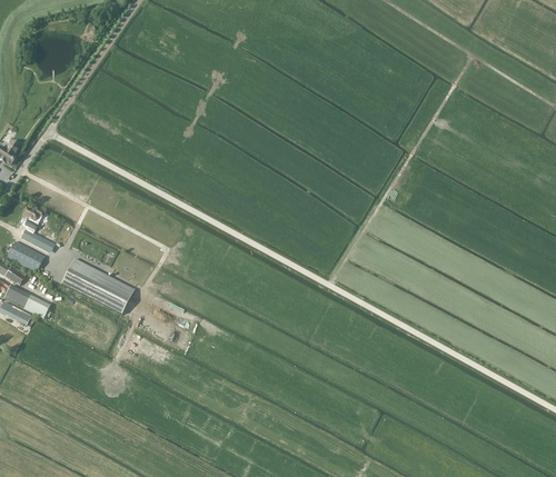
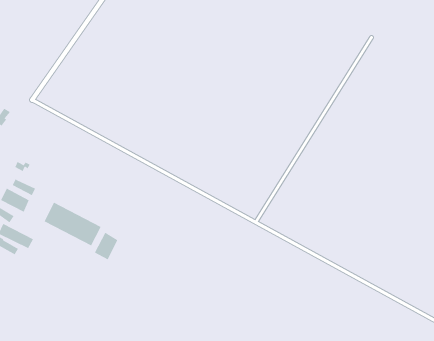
building: none -> [94,232,118,260]

